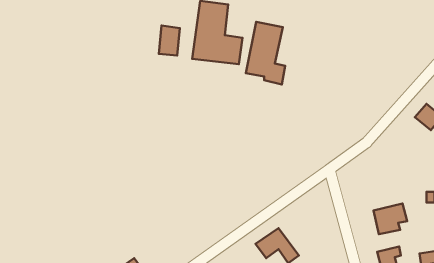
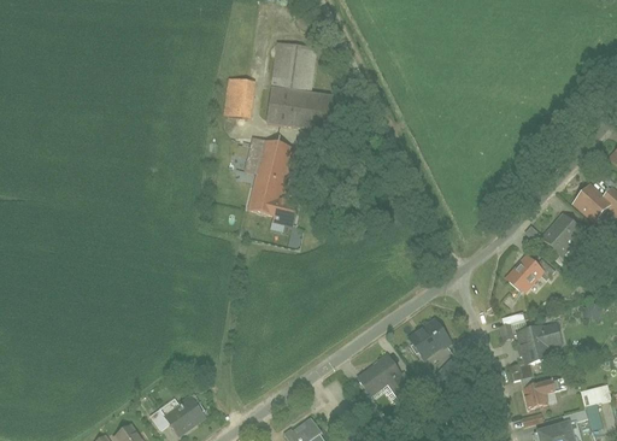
building: [246,22,285,84] -> [246,139,300,224]
building: none -> [540,213,583,257]
building: none -> [505,254,545,294]
building: none -> [407,318,449,359]

